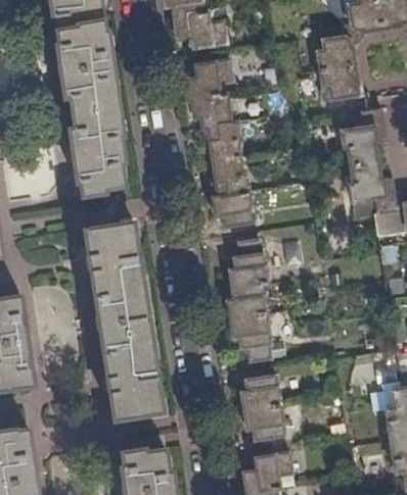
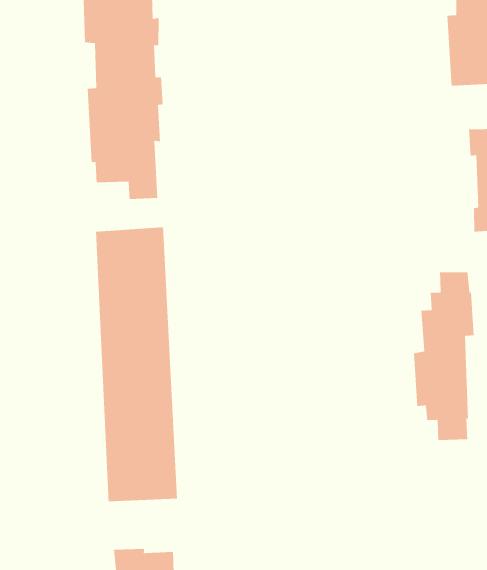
building: [182,61,254,229] -> none
building: [227,241,272,362] -> [413,271,474,441]
building: [241,377,285,440] -> none

